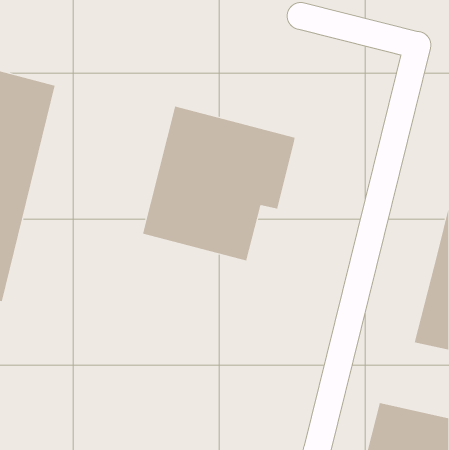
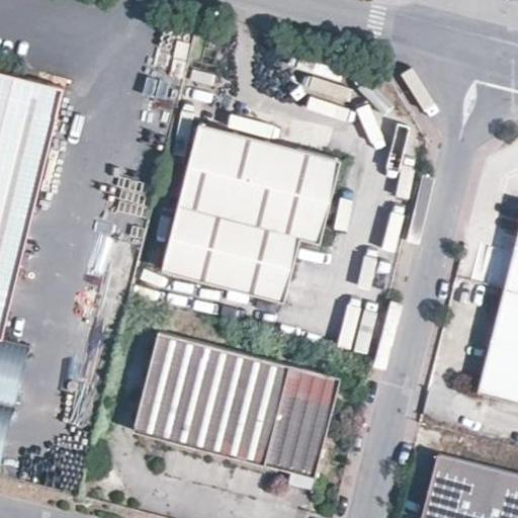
building: none -> [135,333,338,478]

